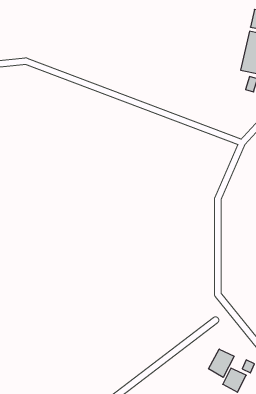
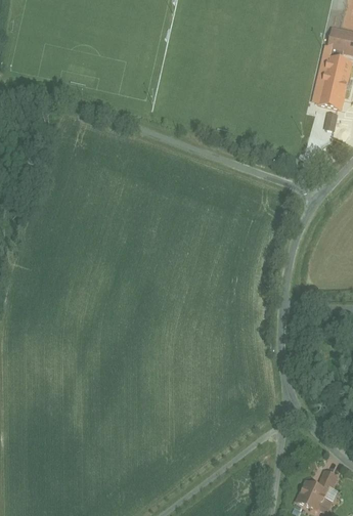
building: [209,349,234,377] -> none

